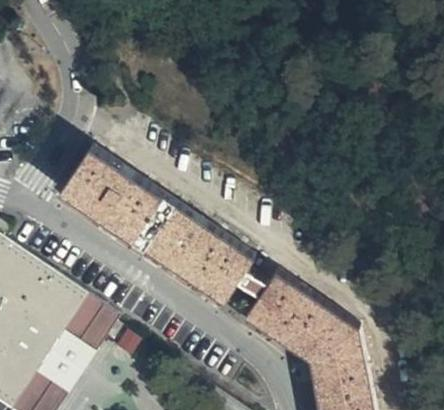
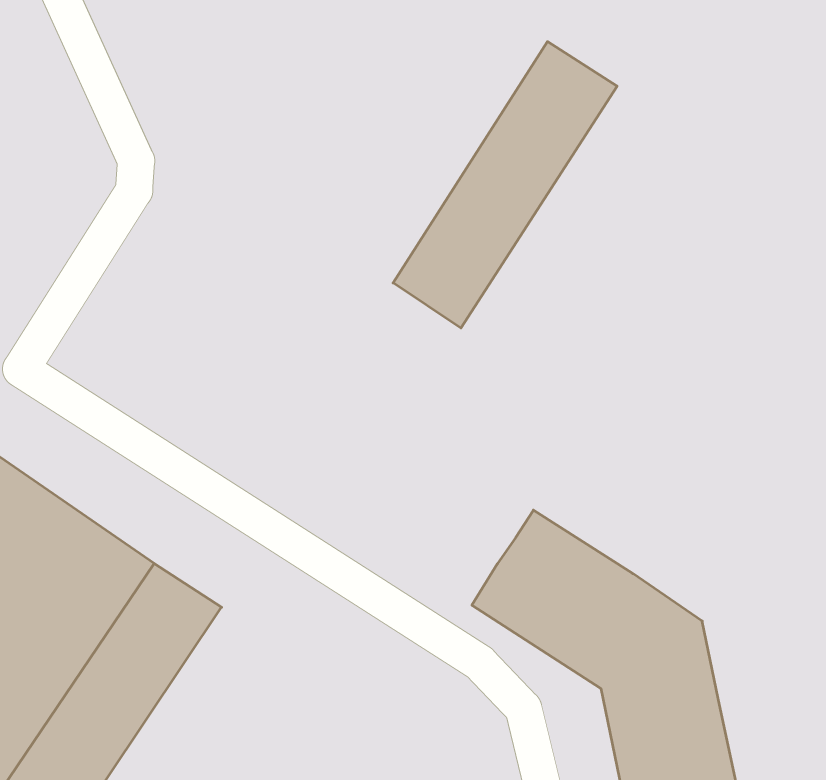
building: none -> [393,42,617,328]
building: [54,149,265,303] -> none

